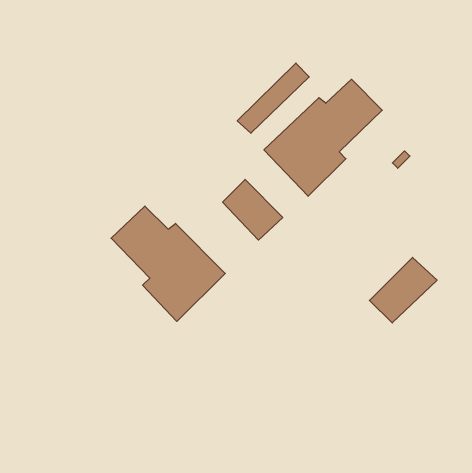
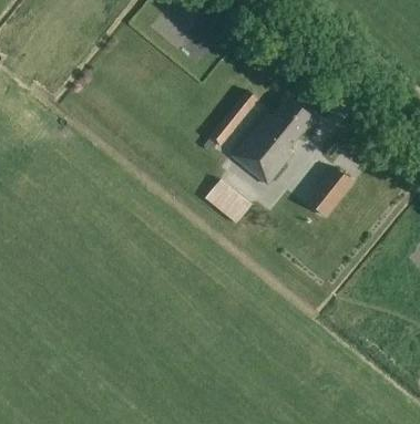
building: [111,206,225,321] -> none
building: [369,257,437,323] -> [307,166,355,216]

